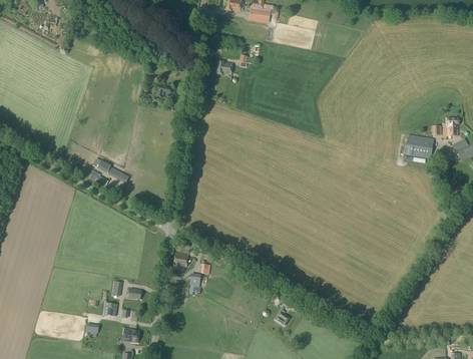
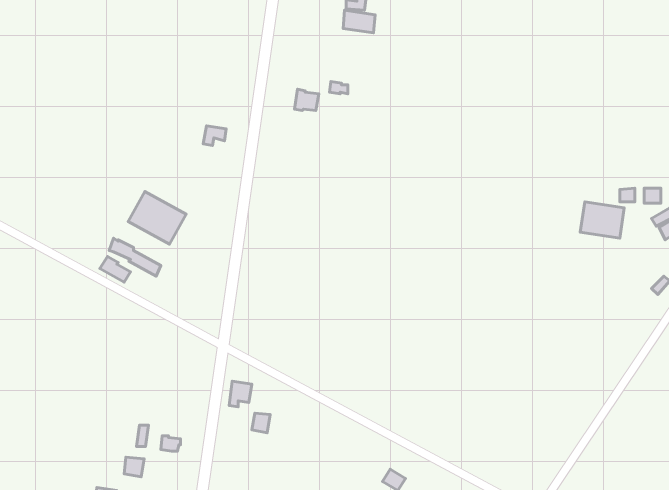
building: none -> [128,192,186,244]

